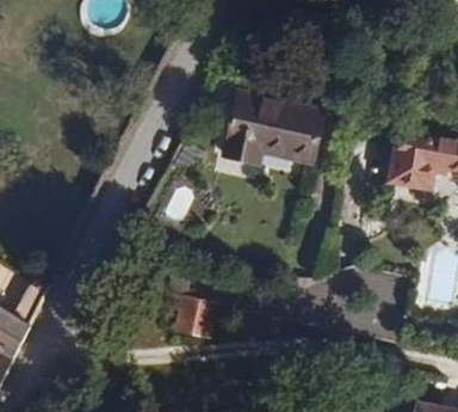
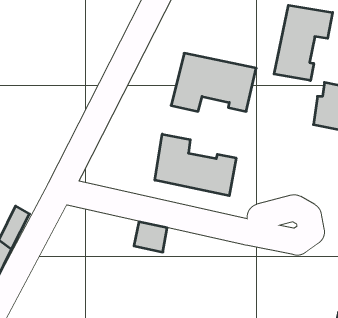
building: none -> [274,5,333,81]
building: none -> [155,134,236,196]

